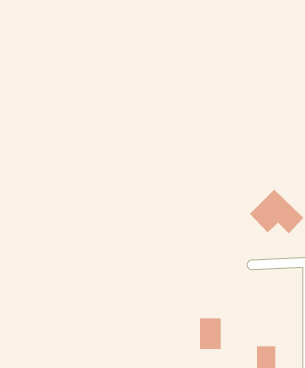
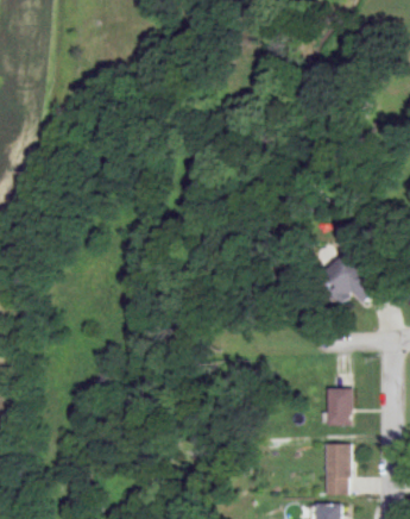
building: [199,318,221,350] -> [324,388,352,427]

